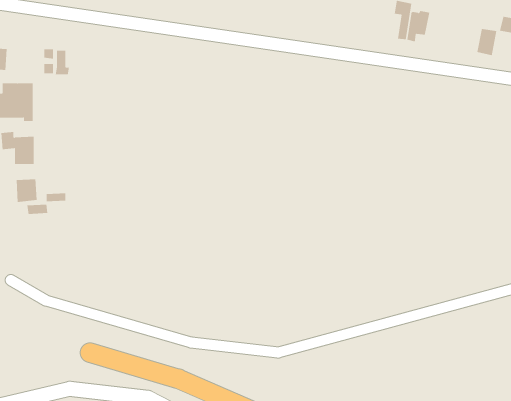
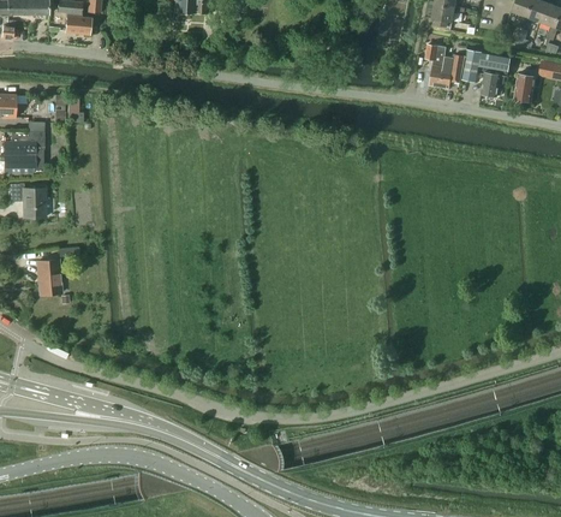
building: none -> [461,49,509,96]
building: [16,179,37,202] -> [37,269,60,295]

